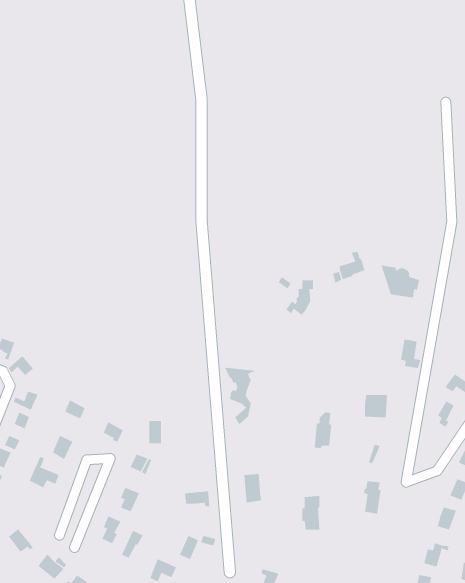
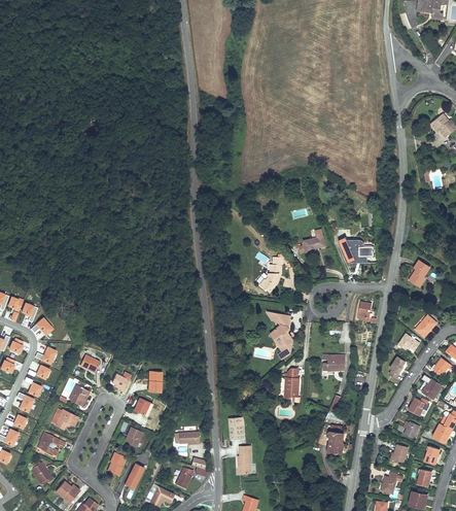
building: [224,367,258,425] -> [271,312,299,361]
building: none -> [36,433,64,457]
building: [302,496,320,530] -> [237,445,252,474]

